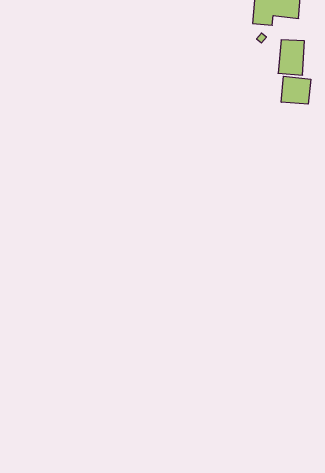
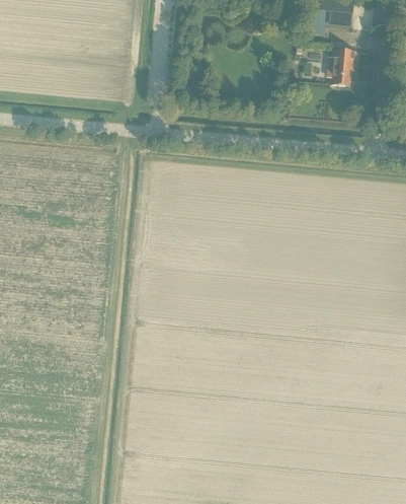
building: [281,76,311,104] -> none

